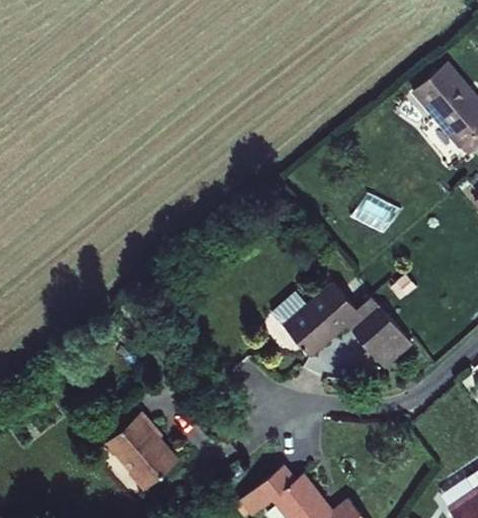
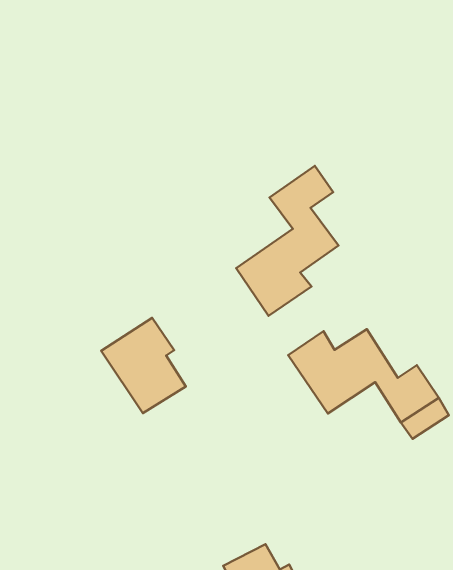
building: none -> [236,166,338,316]
building: [105,413,178,492] -> [101,318,186,413]

